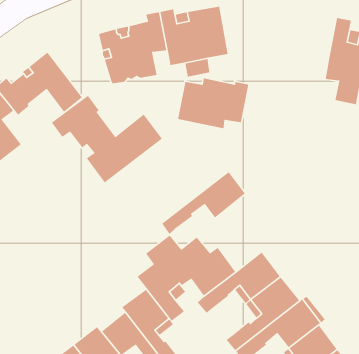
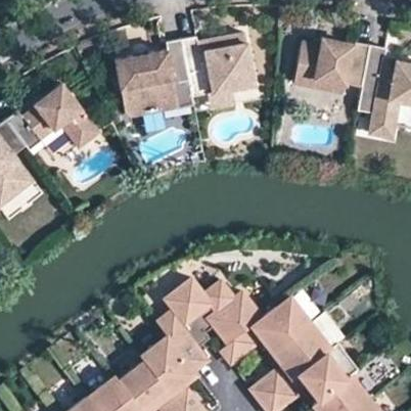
building: [177,77,249,129] -> [293,39,370,94]
building: [51,95,163,184] -> none
building: [161,171,246,235] -> none

